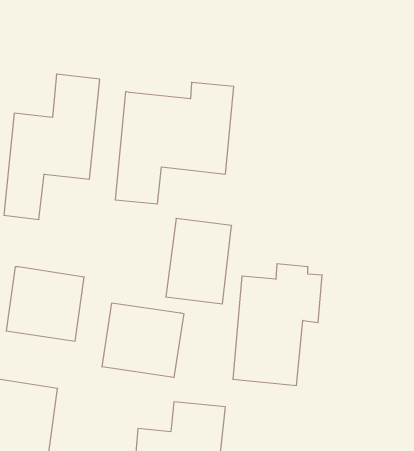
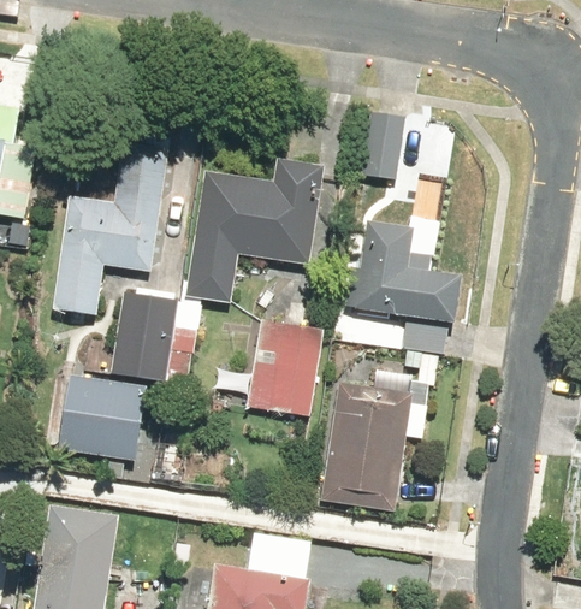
building: none -> [361,111,404,181]
building: none -> [337,219,463,383]
building: none -> [111,292,172,382]
building: [102,303,184,378] -> none

